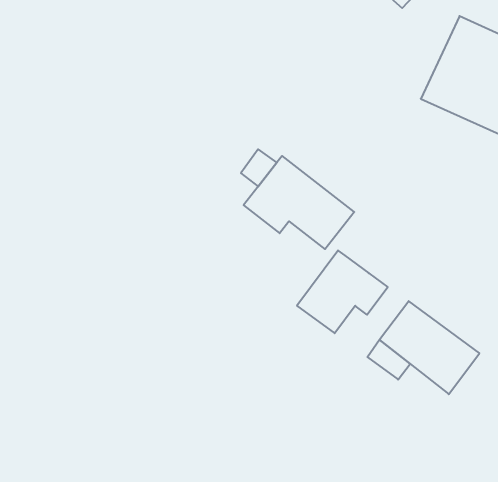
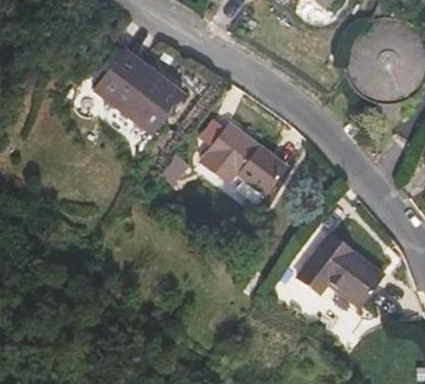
building: none -> [93,47,184,135]
building: [297,250,388,333] -> none

